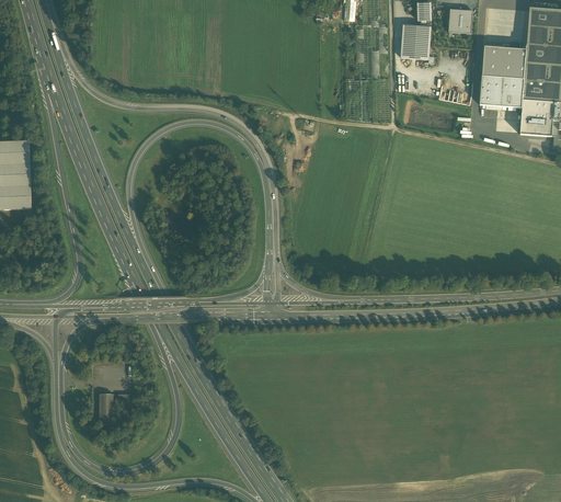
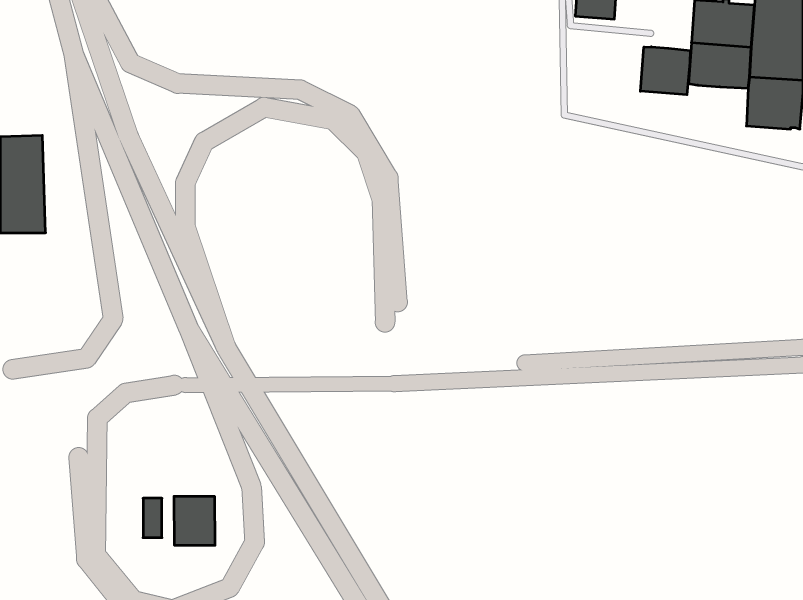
building: none -> [640,47,690,95]
building: none -> [174,496,215,545]

